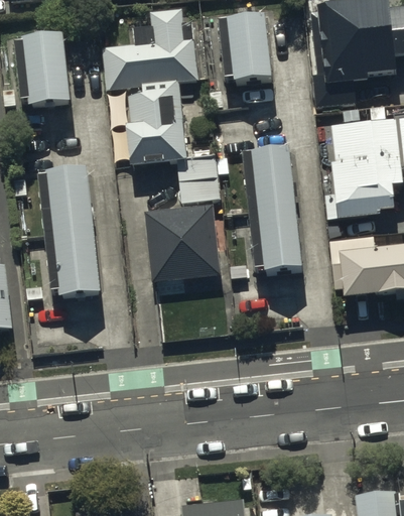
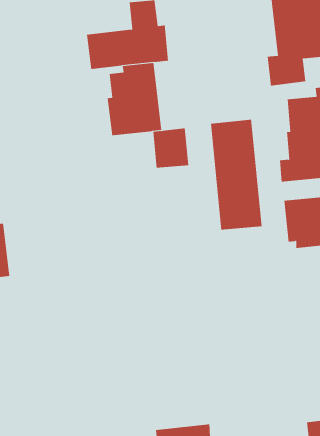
building: [218,15,272,82] -> none
building: [16,32,72,104] -> none
building: [39,167,99,295] -> none
building: [145,204,220,281] -> none

